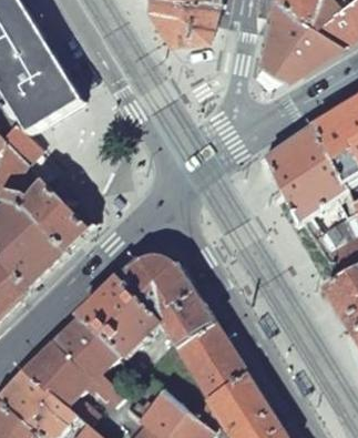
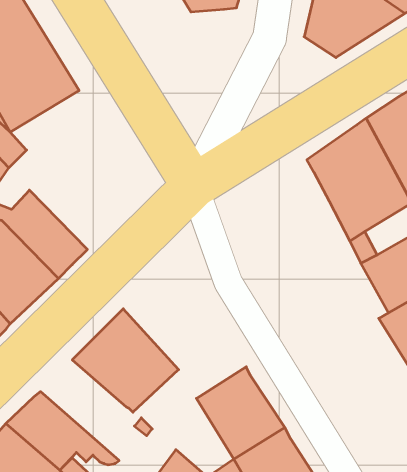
building: [117,261,216,349] -> none
building: [51,318,120,399] -> none

